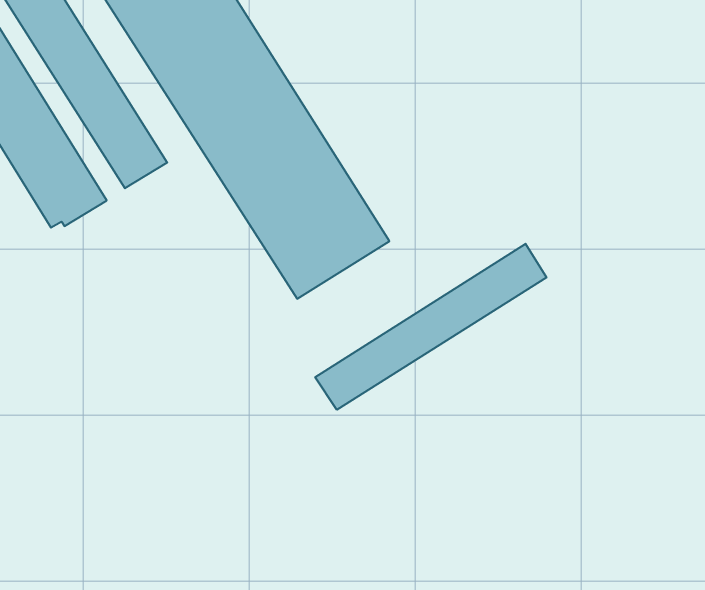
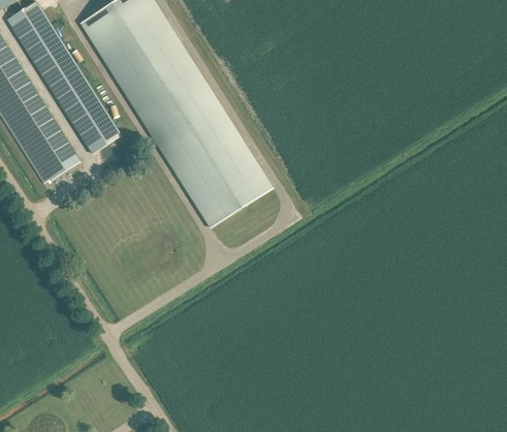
building: [315,244,546,410] -> none

